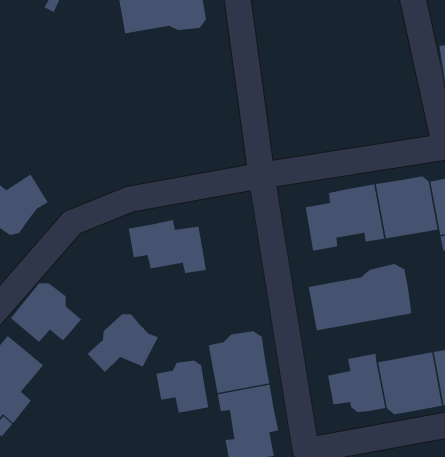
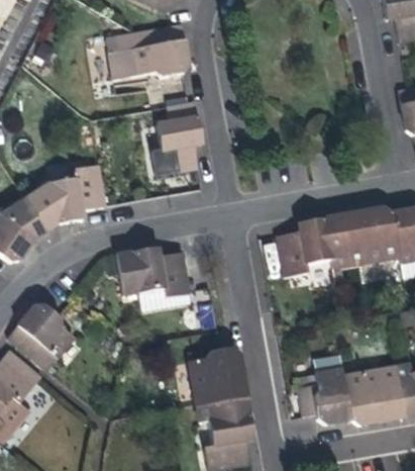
building: none -> [153,100,202,174]
building: none -> [29,164,107,230]
building: [308,263,412,331] -> none
building: [87,313,159,373] -> none
building: [156,360,209,414] -> none

